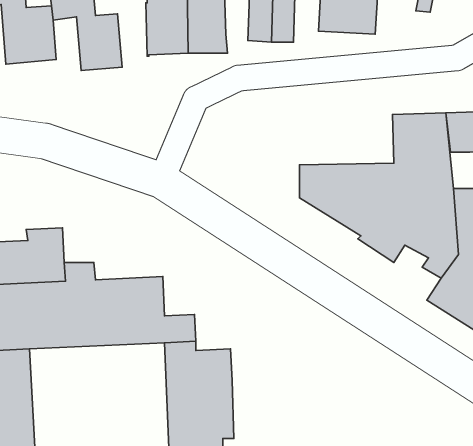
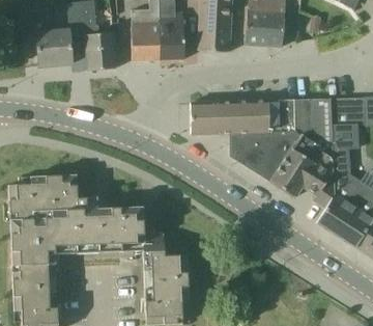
building: none -> [191,100,295,134]

